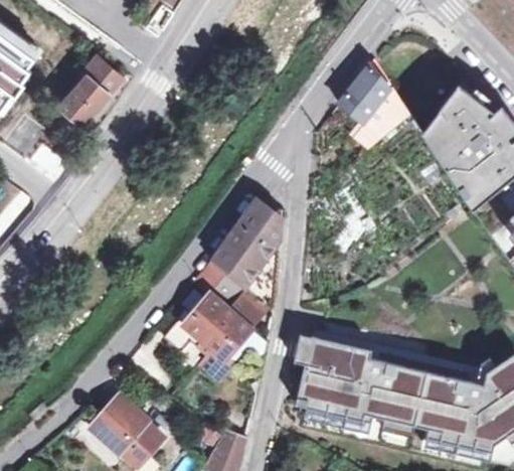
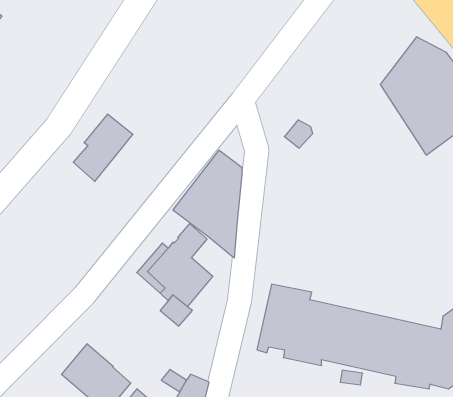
building: [58,61,120,131] -> [73,114,133,182]
building: [334,64,406,142] -> none
building: [228,290,269,330] -> none

